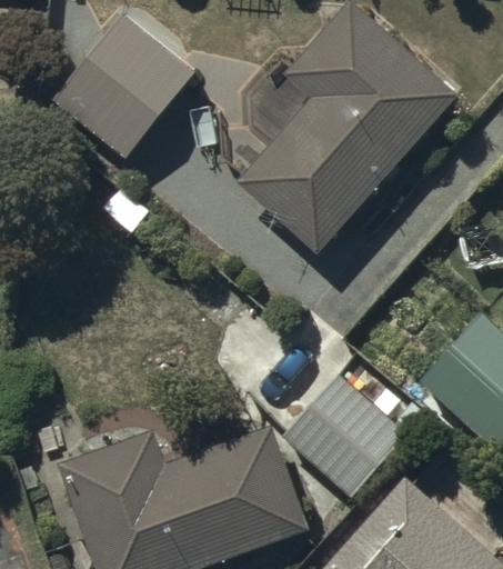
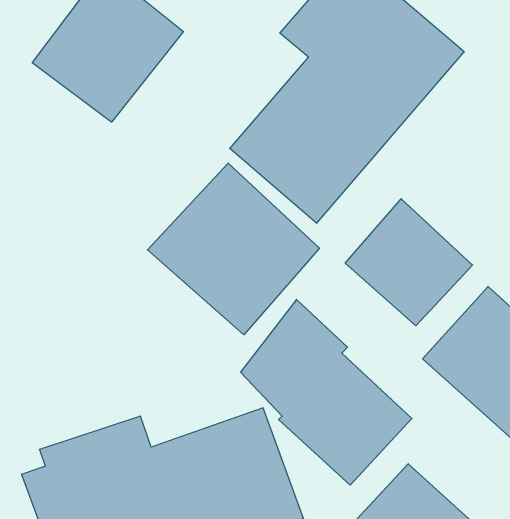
building: none -> [147,163,319,335]
building: none -> [345,199,473,326]

